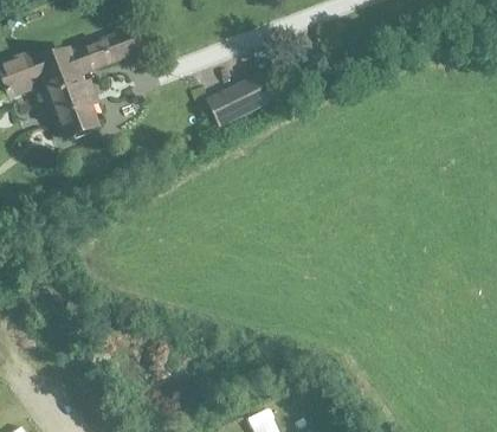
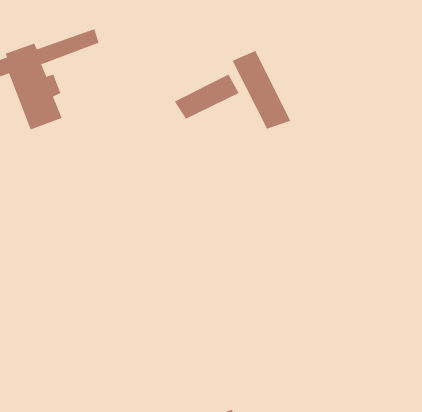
building: none -> [232,50,291,129]

